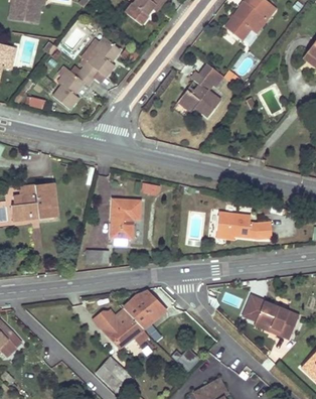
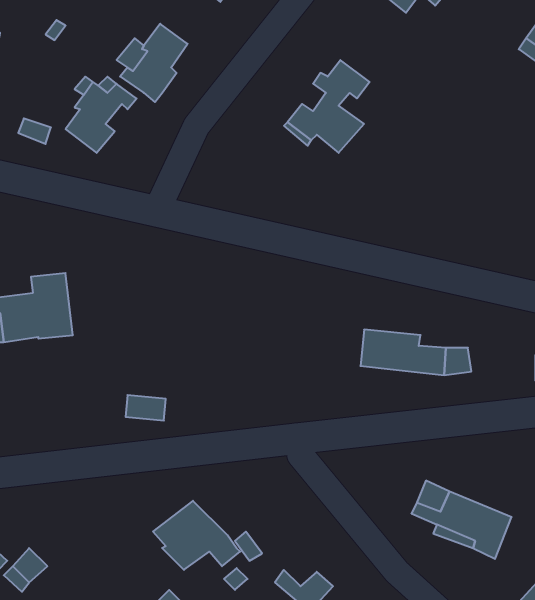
building: [111,198,139,245] -> none
building: [123,291,165,326] -> none

